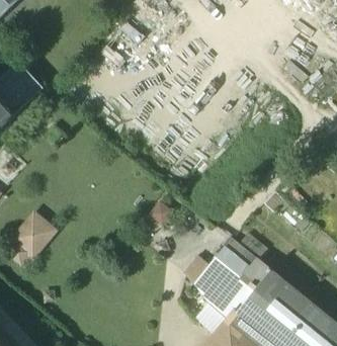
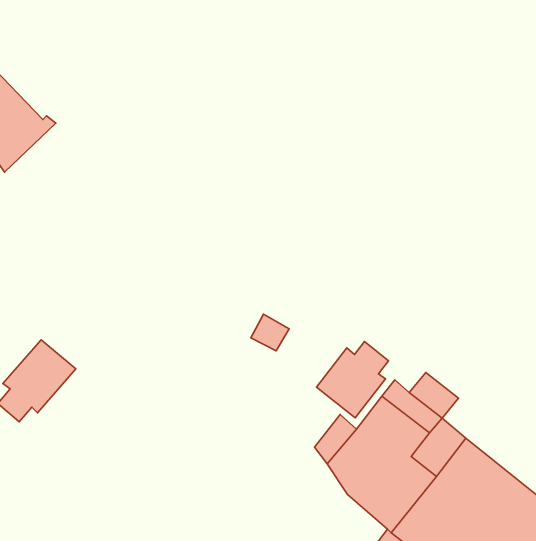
building: none -> [317,342,389,418]

